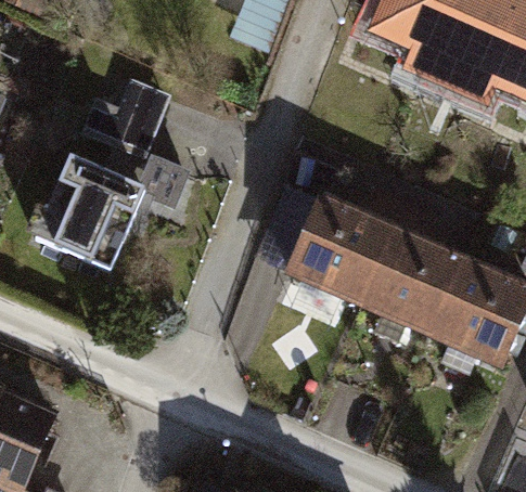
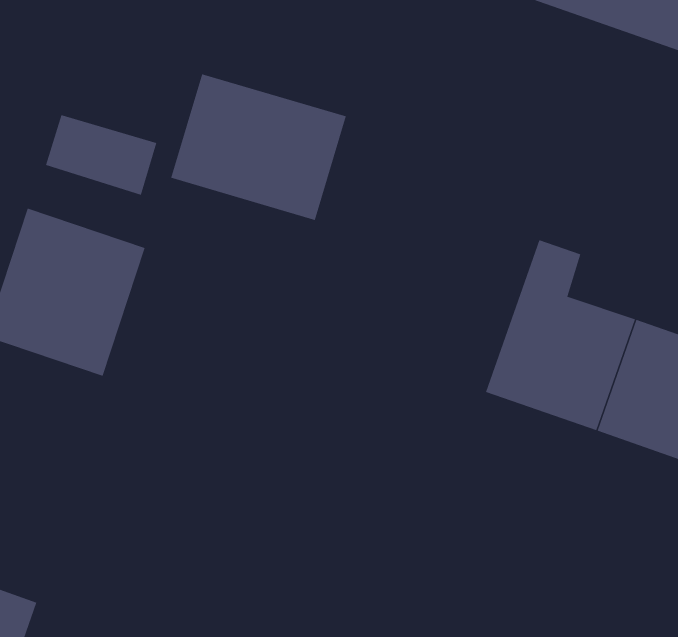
building: none -> [171,73,346,221]
building: [290,192,405,301] -> none

